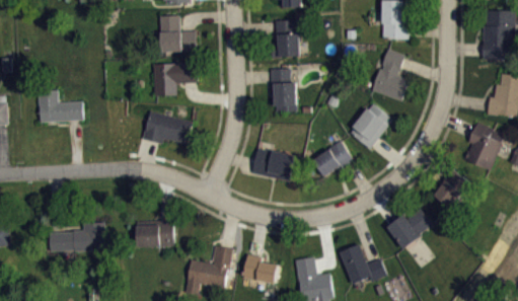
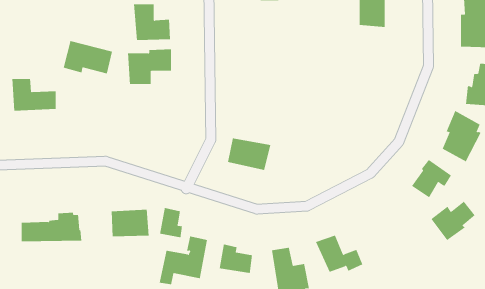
building: [271,19,300,57] -> none
building: [371,49,410,100] -> none
building: [271,68,296,111] -> none
building: [350,103,393,148] -> none
building: [142,110,192,144] -> [63,40,113,74]
building: [313,140,356,175] -> none
building: [387,209,432,248] -> [431,201,476,241]
building: none -> [160,207,183,238]

